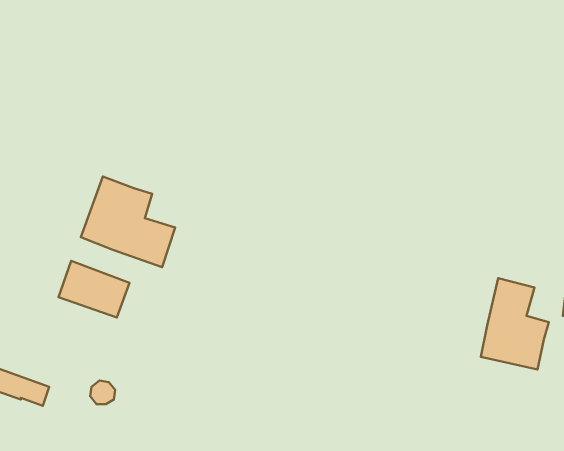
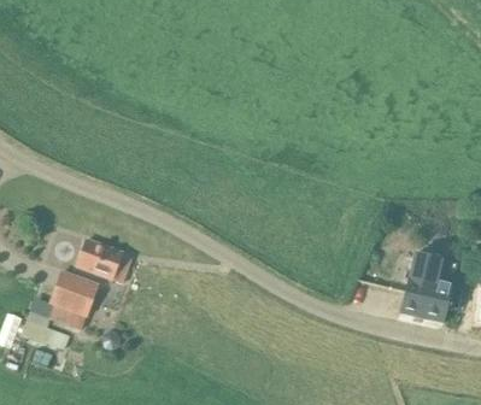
building: [81,176,175,267] -> none
building: none -> [51,271,99,329]

